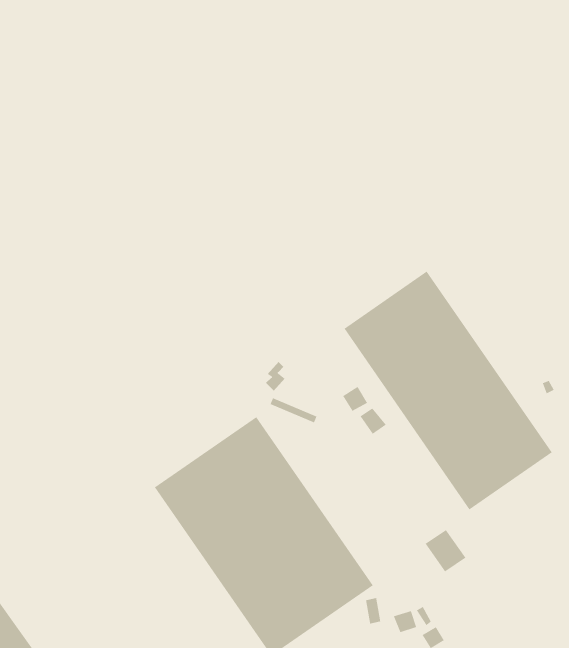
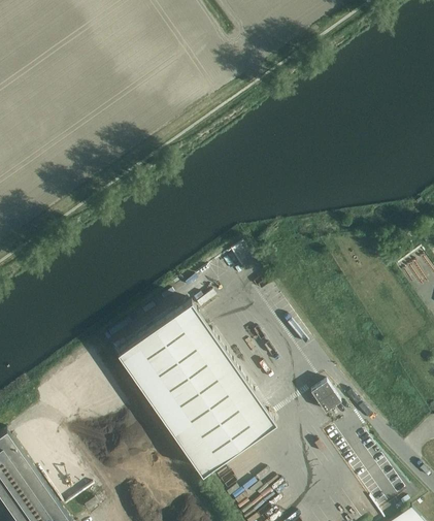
building: [343,271,553,510] -> none

